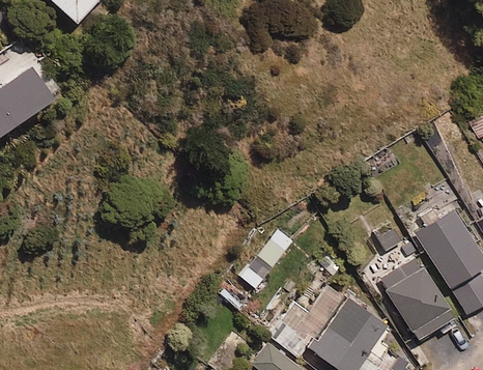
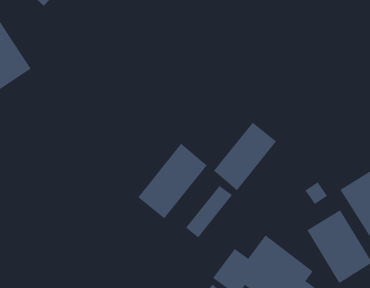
building: none -> [213,122,277,191]
building: none -> [137,143,208,219]

